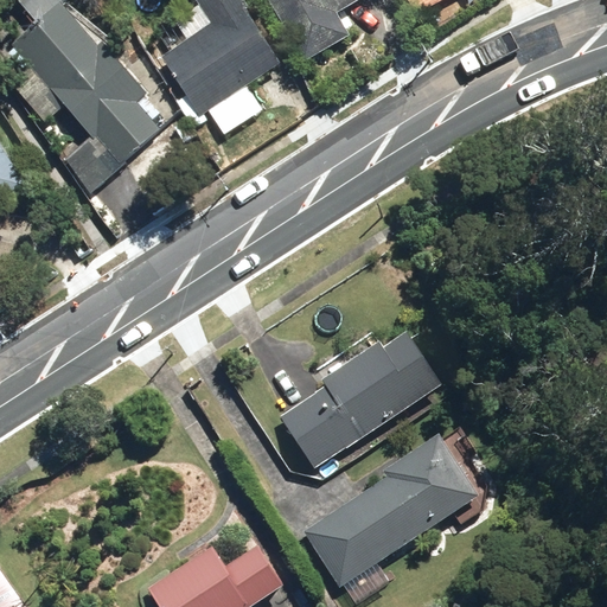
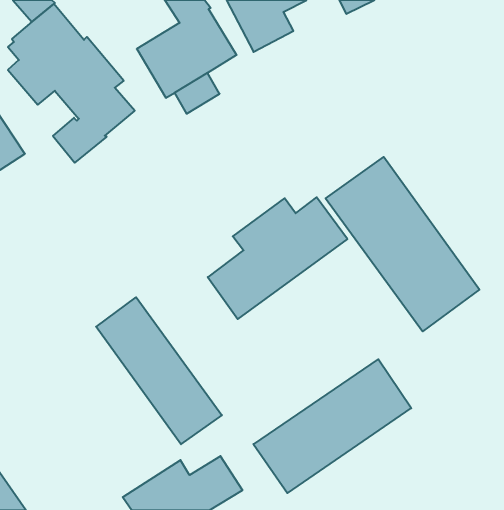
building: none -> [326,157,479,331]
building: [279,327,445,472] -> [208,197,347,319]
building: none -> [96,297,222,444]

